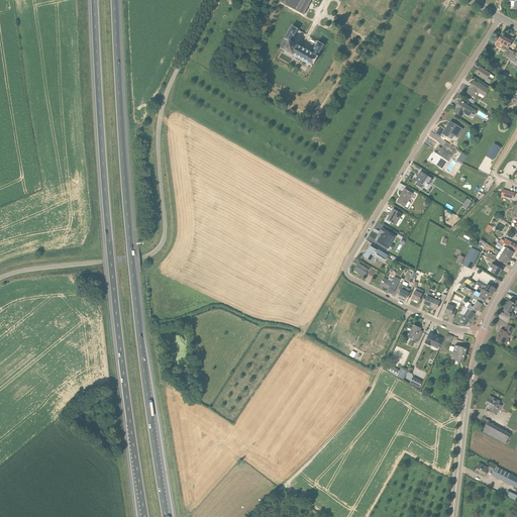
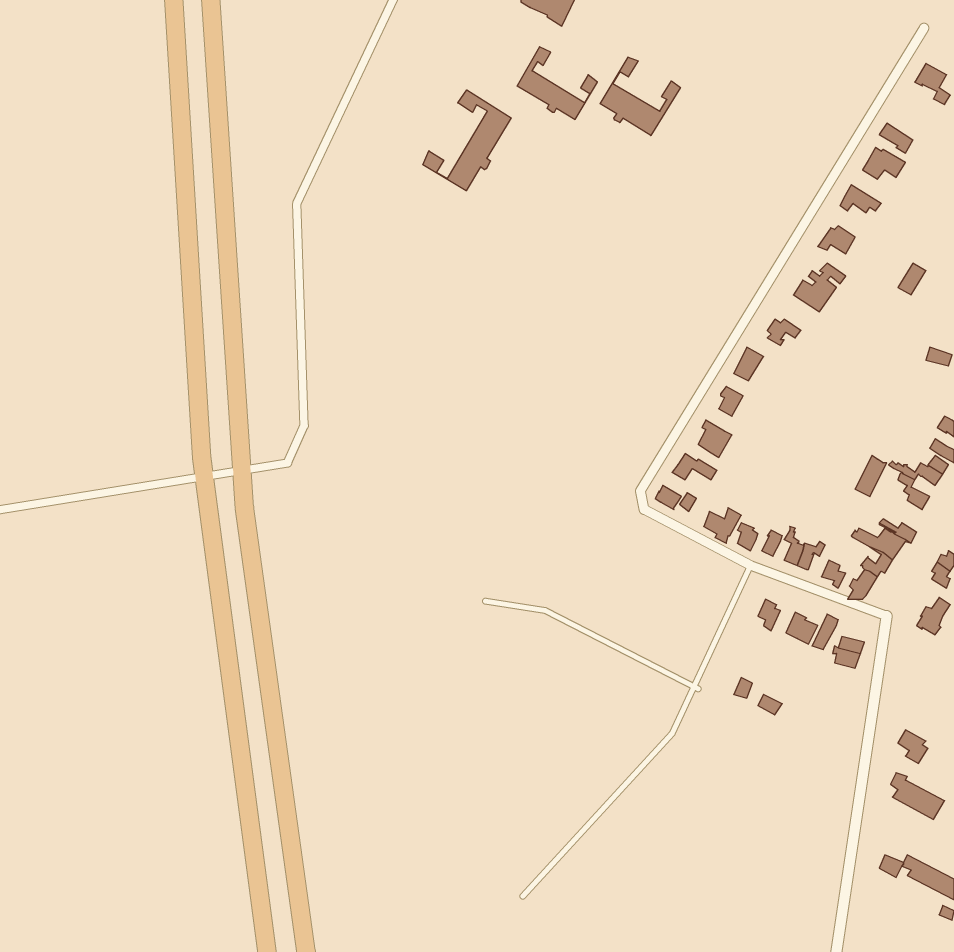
building: none -> [600,57,680,136]
building: none -> [423,90,511,191]

